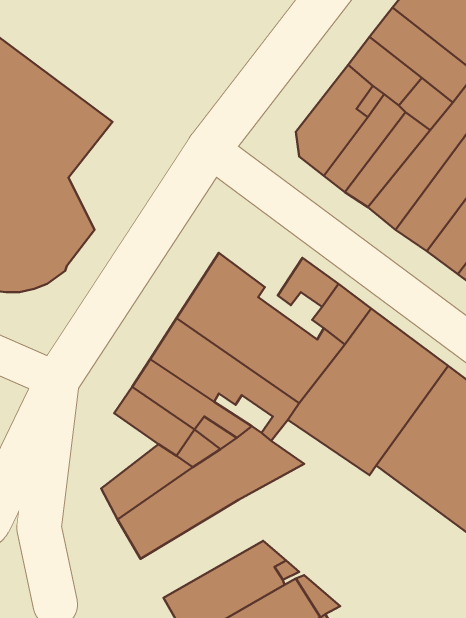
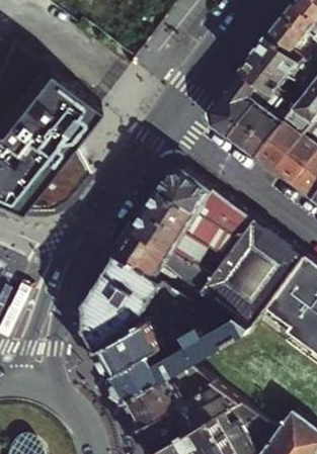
building: none -> [163,169,215,212]
building: none -> [87,285,126,332]
building: none -> [114,289,256,399]

